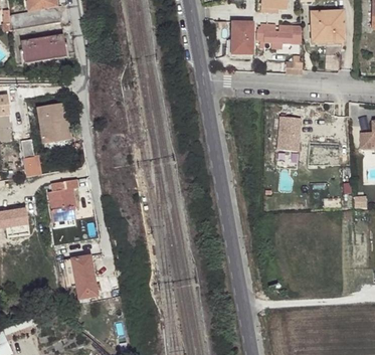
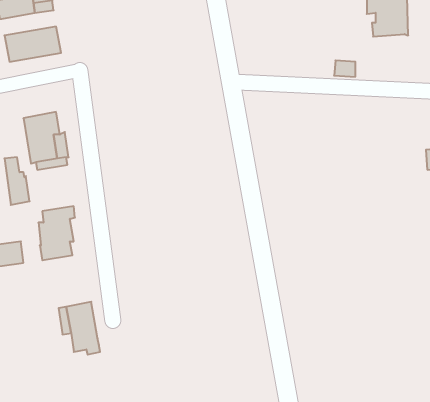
building: [230,21,253,57] -> none
building: [259,23,302,48] -> none
building: [280,115,306,151] -> none

